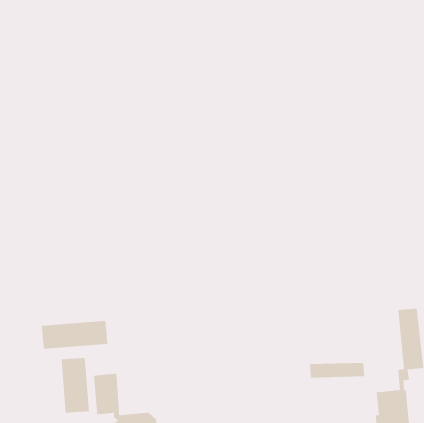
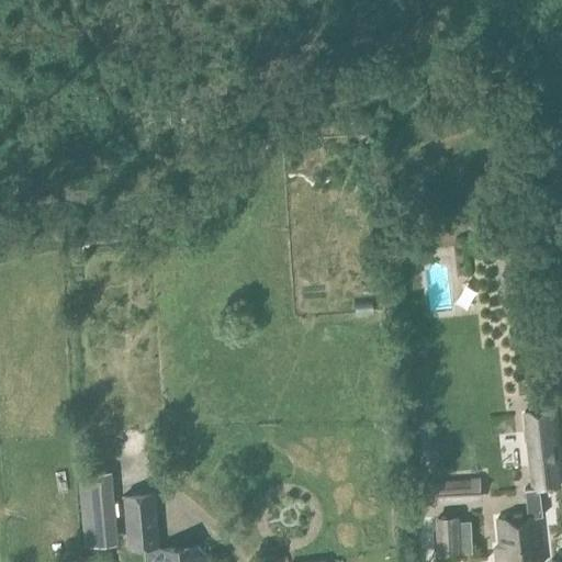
building: [41,320,108,349] -> none
building: none -> [434,517,471,557]

